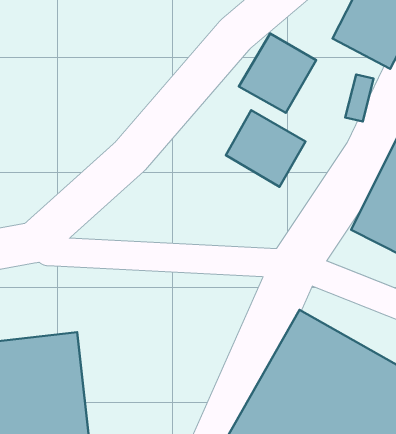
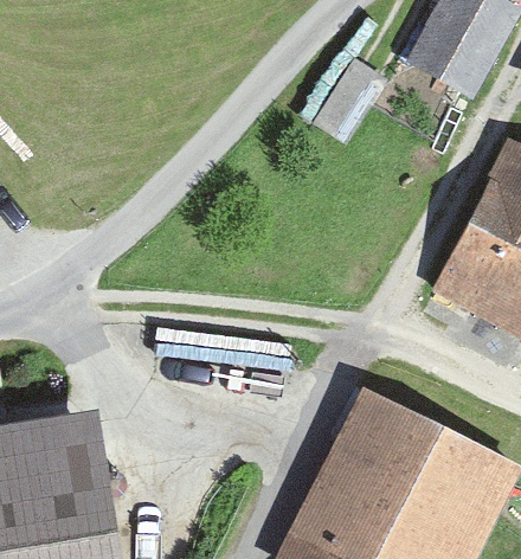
building: [226,110,306,187] -> none

